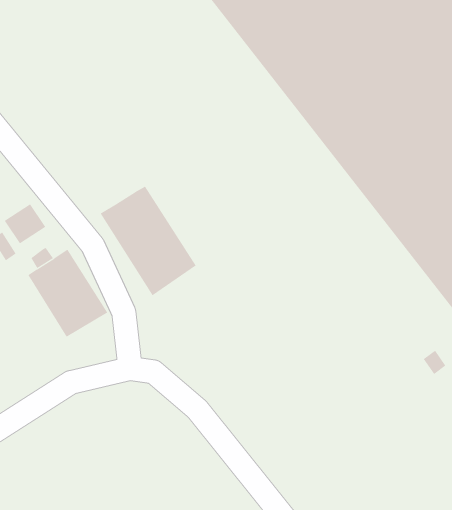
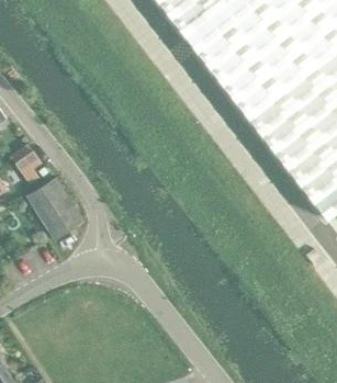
building: [100,186,197,296] -> none

